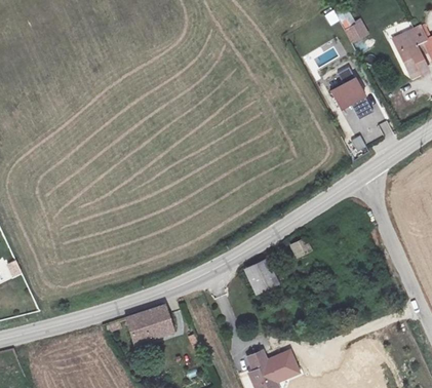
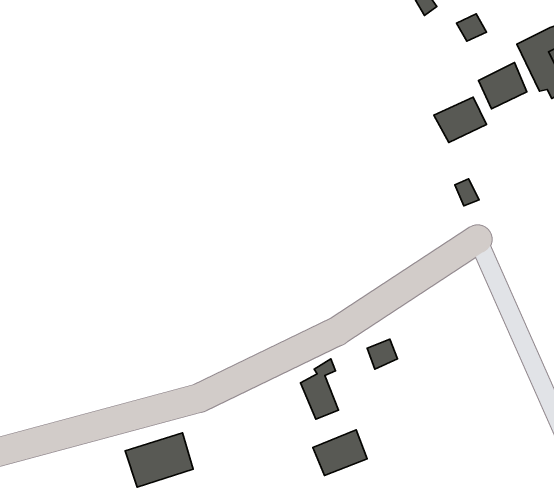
building: none -> [478,62,527,109]
building: none -> [313,430,367,475]

